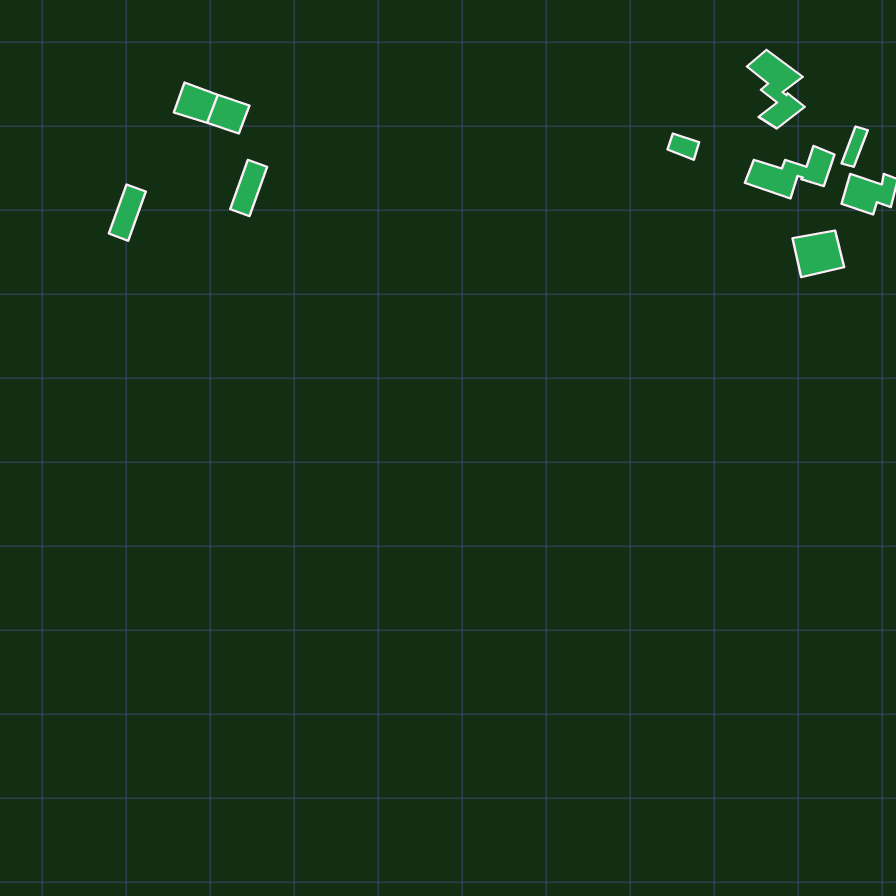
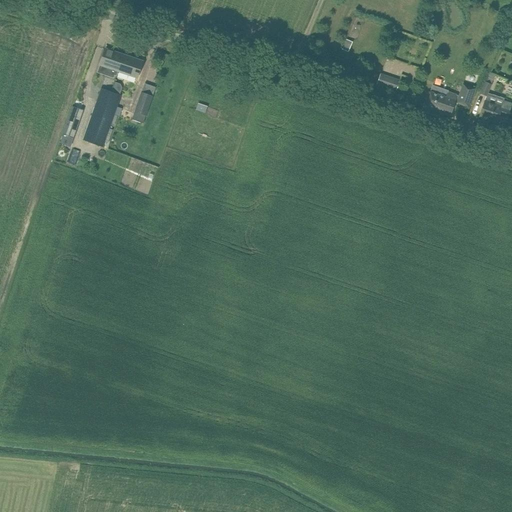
building: [747,50,805,129] -> none
building: none -> [84,77,123,146]
building: [793,230,844,277] -> none

